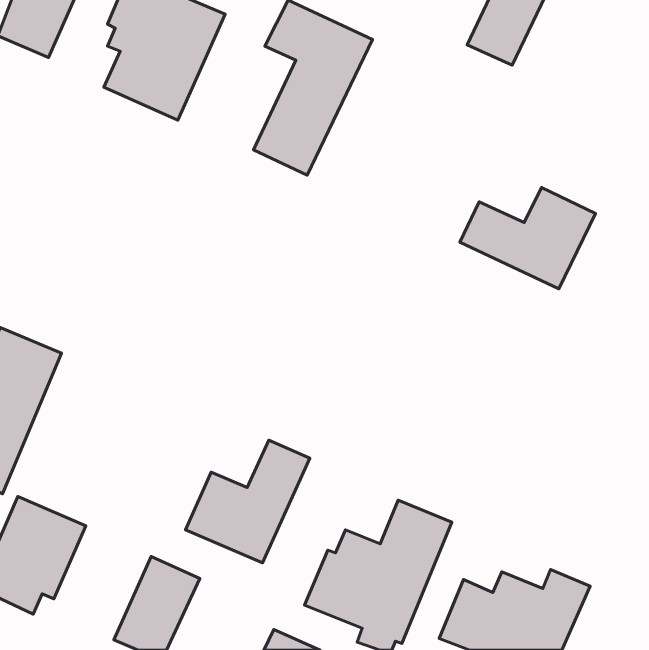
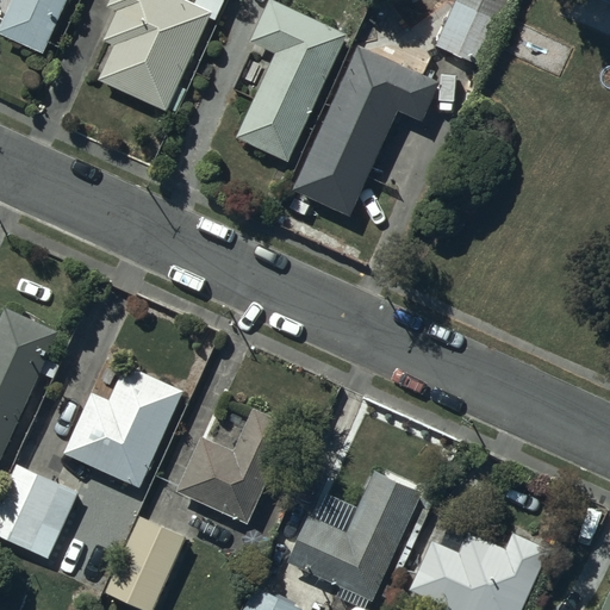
building: none -> [292,44,438,214]
building: [460,188,596,289] -> none
building: none -> [63,367,185,497]

